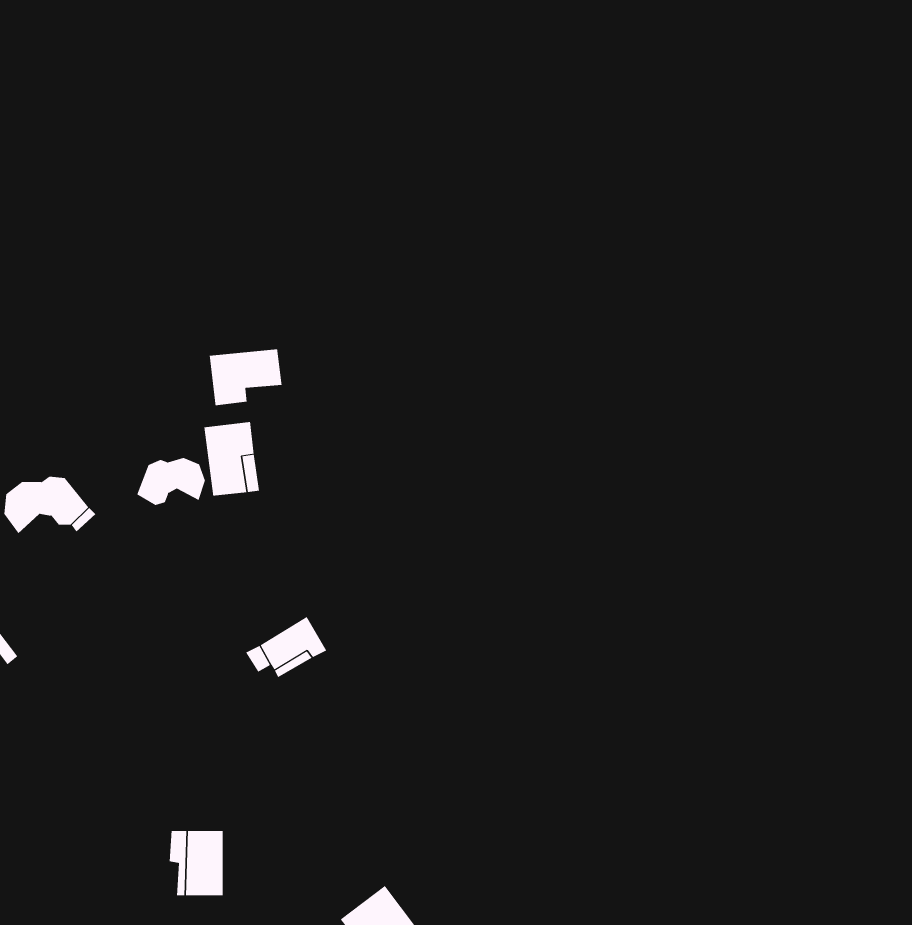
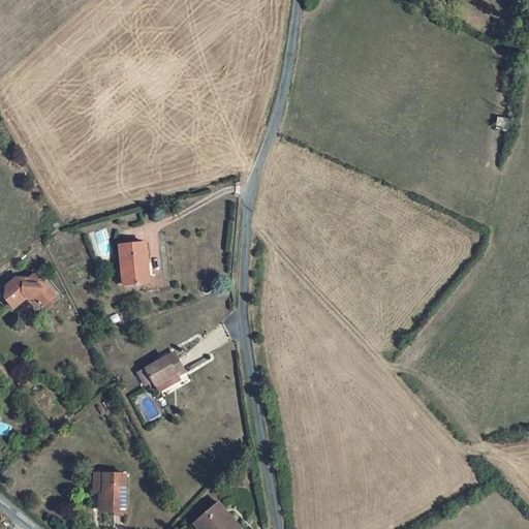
building: [209,348,282,406] -> none
building: [136,457,206,506] -> none

